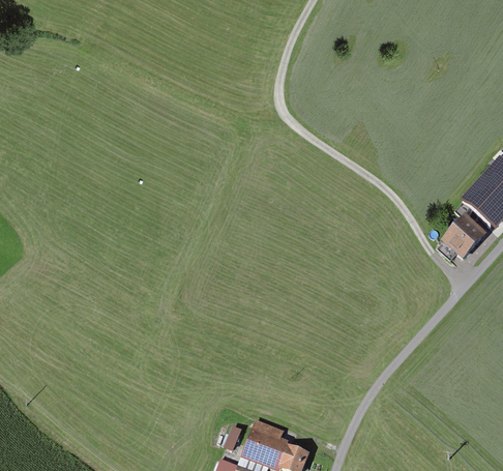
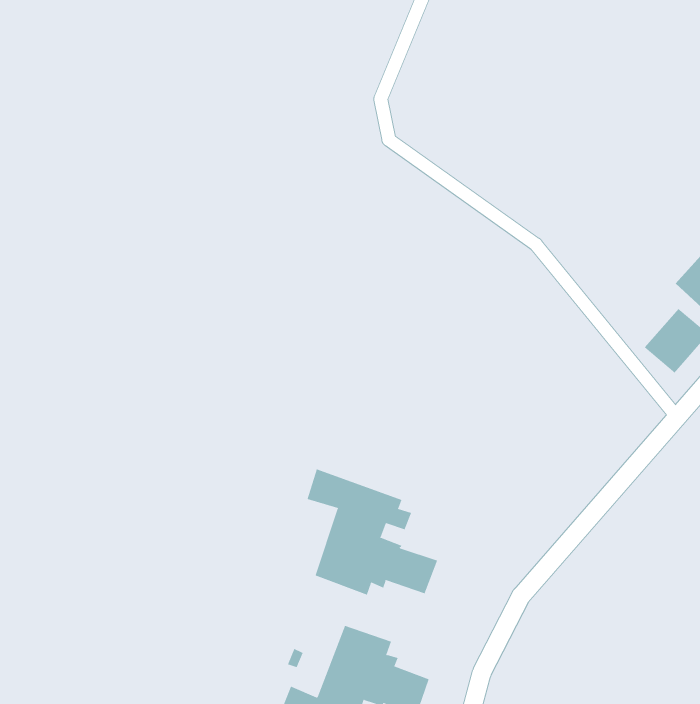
building: none -> [307,469,438,595]

